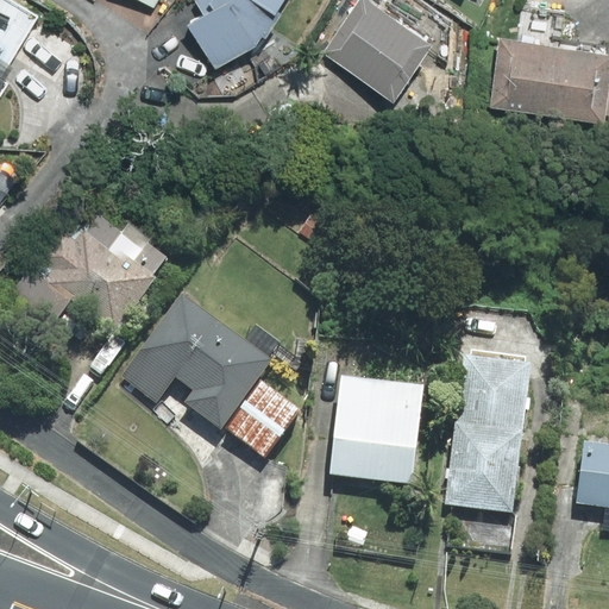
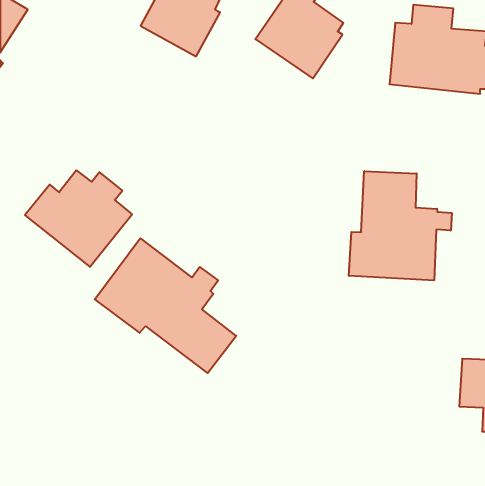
building: none -> [349,171,452,280]
building: [448,359,526,510] -> none
building: [331,377,419,490] -> none

